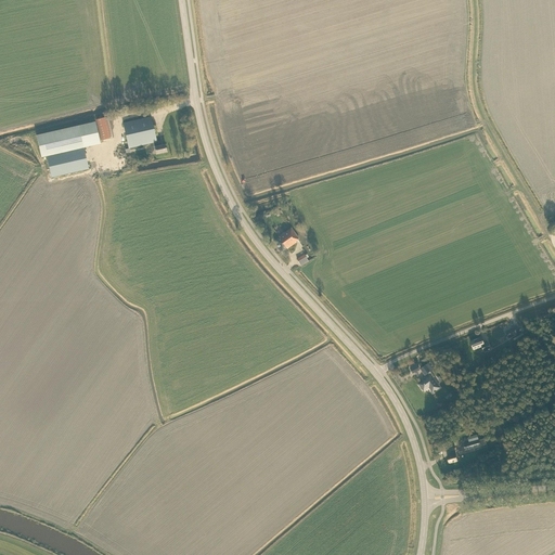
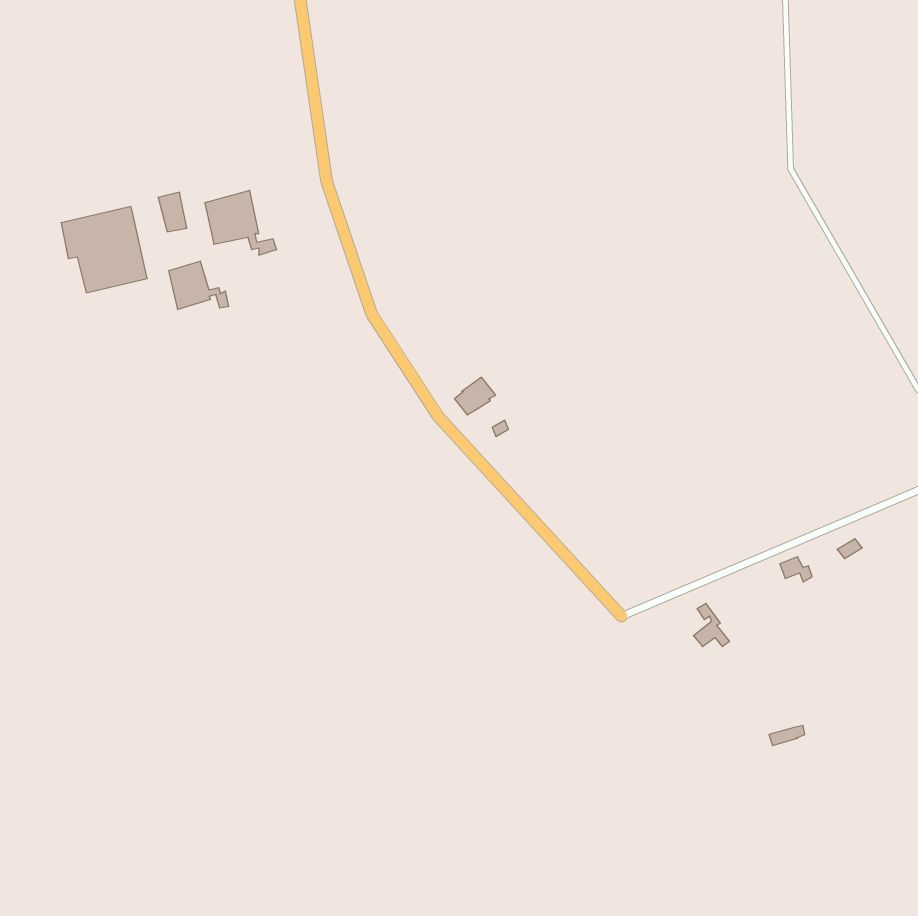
building: none -> [169,261,229,310]

